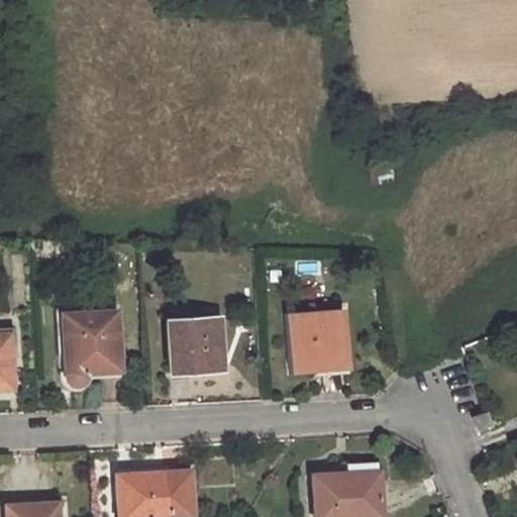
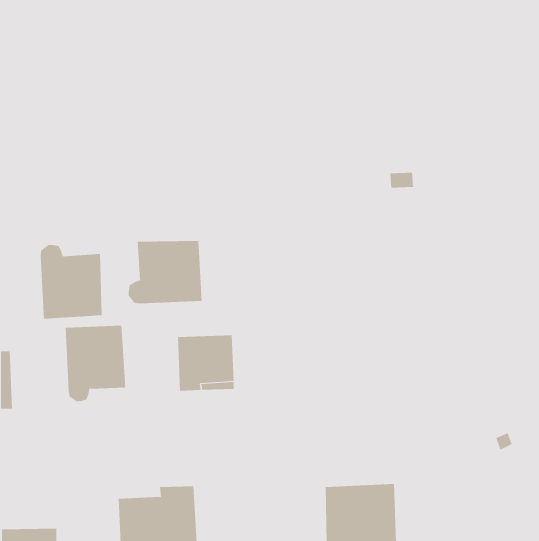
building: none -> [128,240,202,304]
building: none -> [40,244,102,320]
building: [292,317,347,375] -> none

